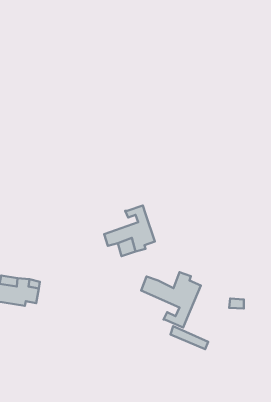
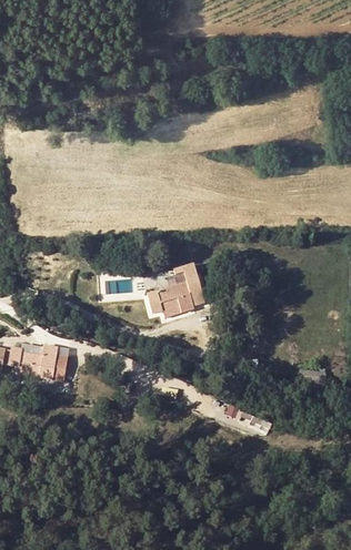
building: [141,272,201,328] -> none

